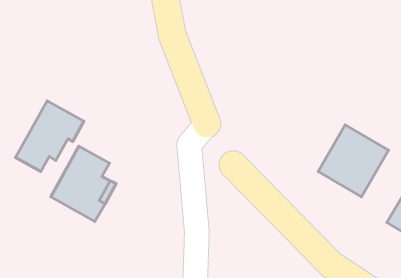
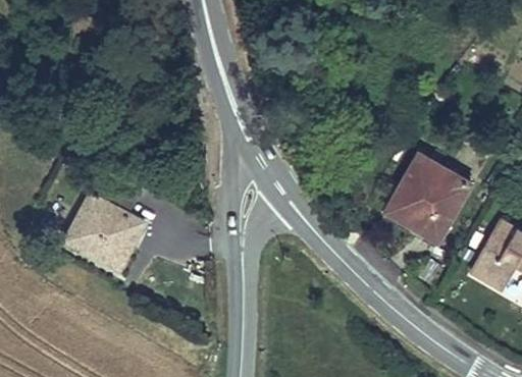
building: [15,101,84,172] -> none

